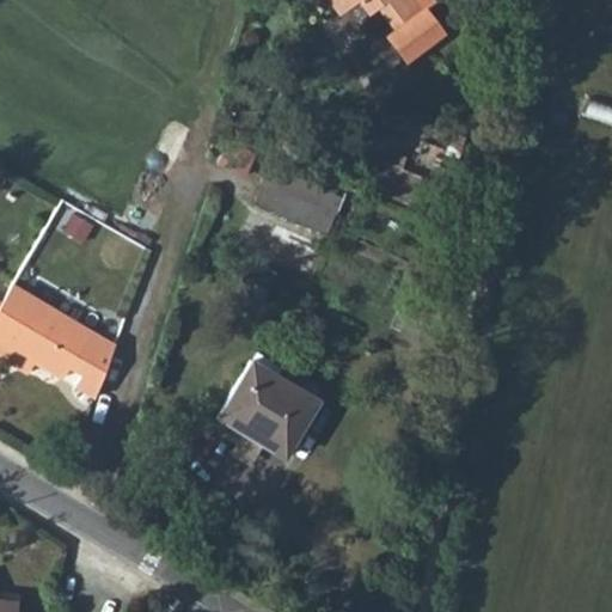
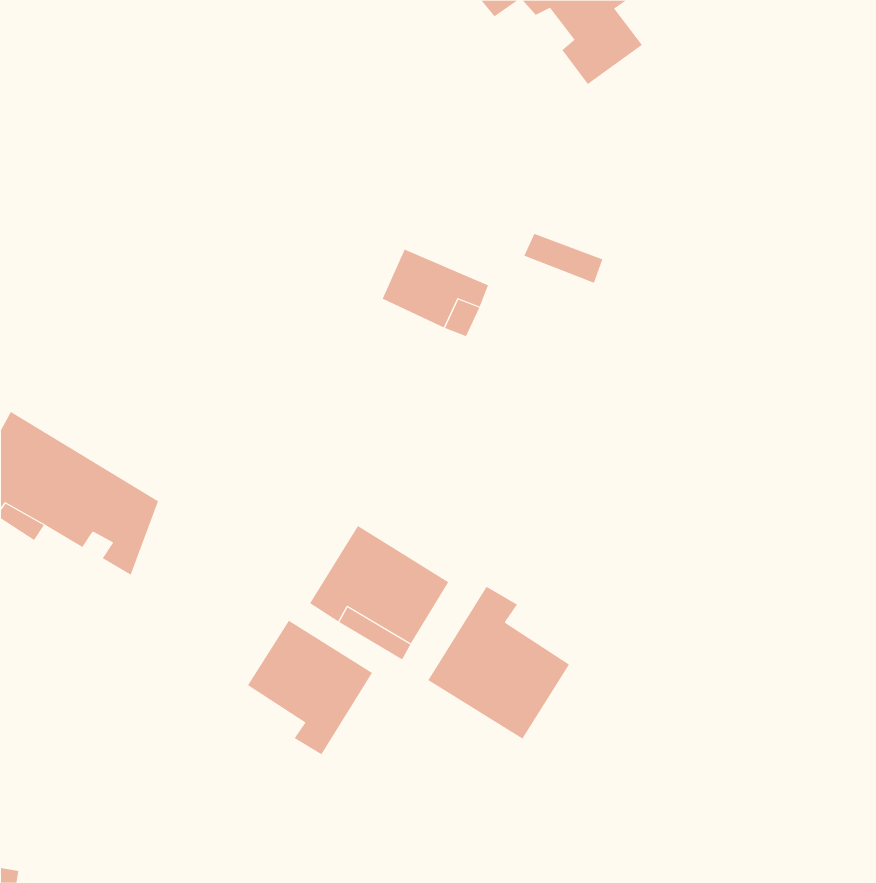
building: none -> [428,586,570,740]
building: none -> [247,620,373,755]

